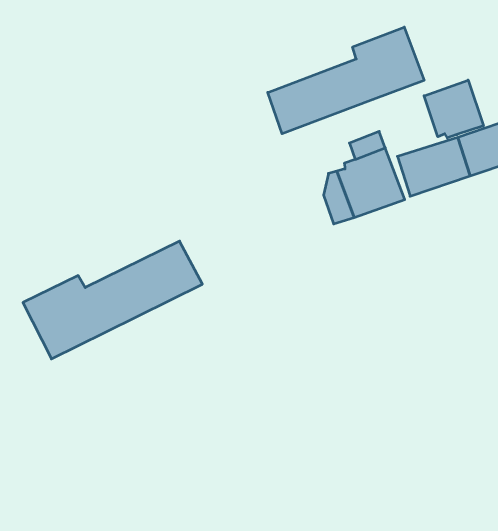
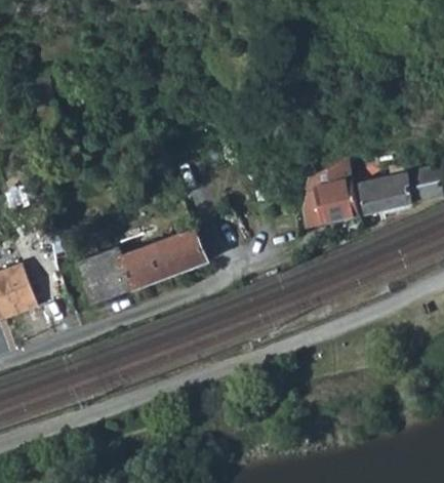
building: [268,27,424,134] -> none
building: [424,80,483,138] -> none

